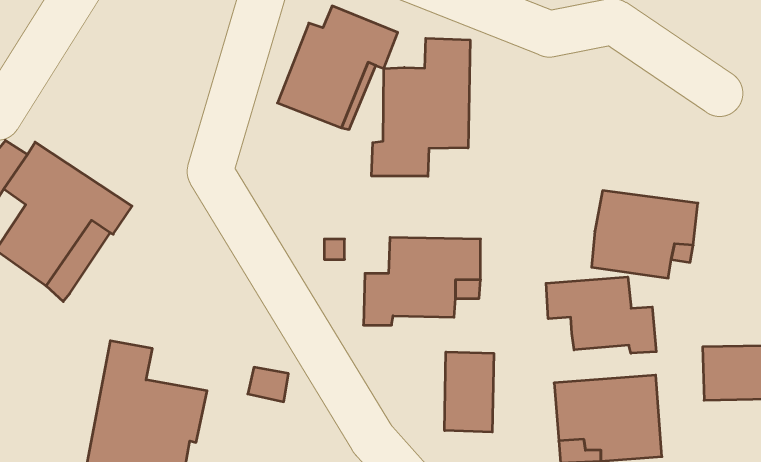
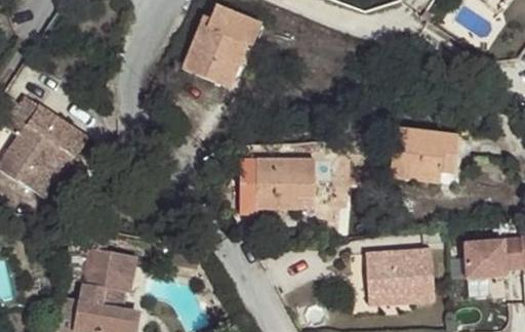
building: [372,38,470,176] -> none
building: [546,277,656,353] -> none
building: [445,352,494,432] -> none

